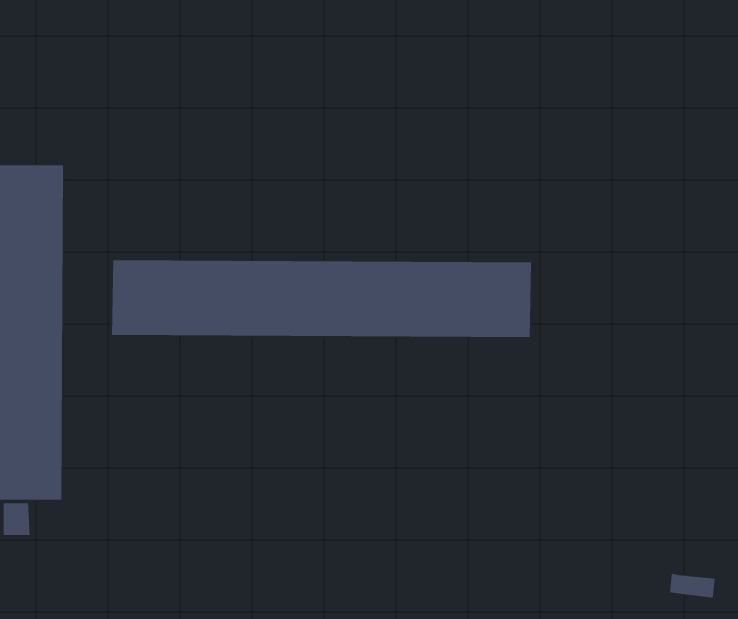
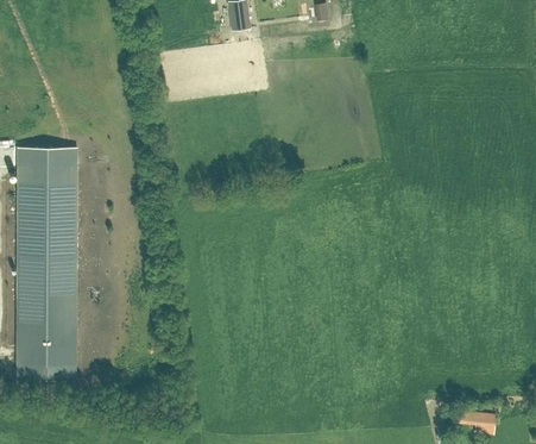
building: [111,259,532,338] -> none

